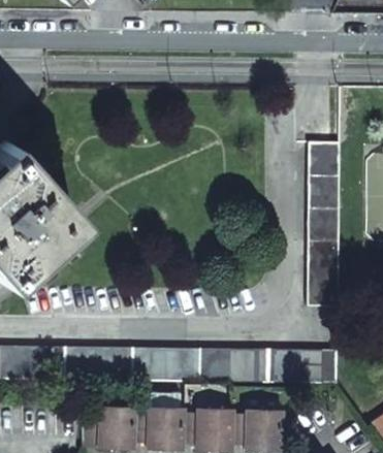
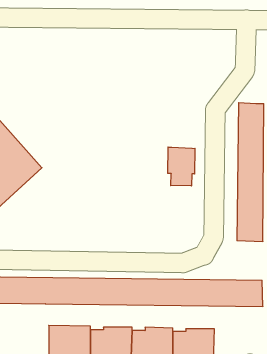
building: none -> [168,147,195,186]

